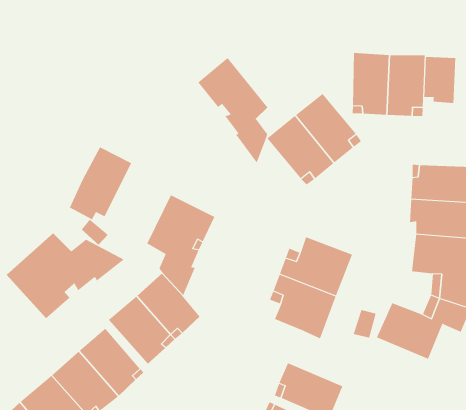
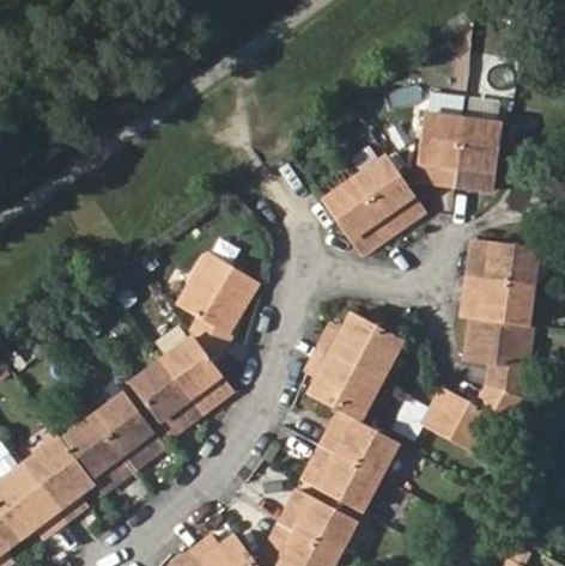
building: [424,56,456,104] -> none
building: [198,57,268,163] -> none
building: [69,147,132,220] -> none
building: [6,232,125,319] -> none
building: none -> [321,413,397,477]

